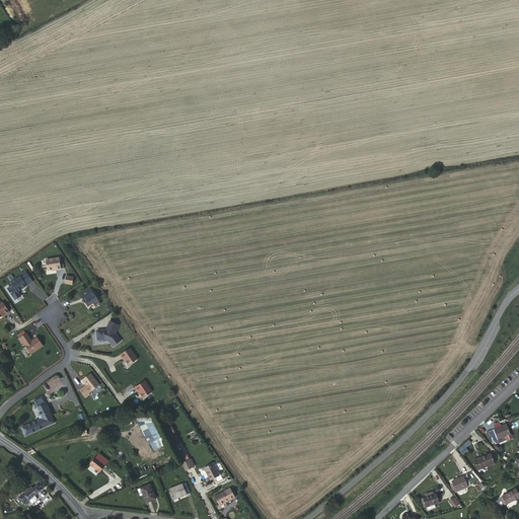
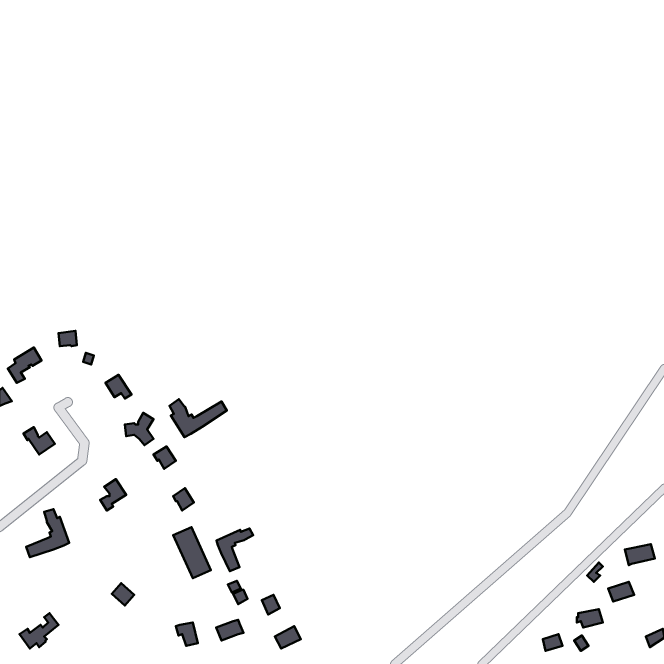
building: none -> [170,399,227,437]
building: none -> [216,529,253,571]

